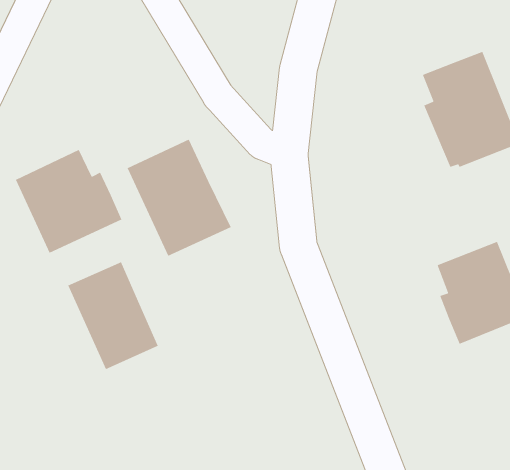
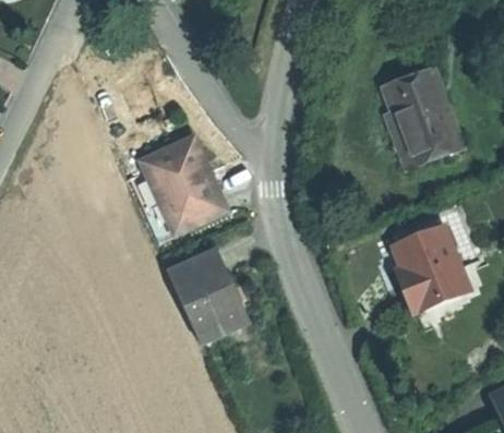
building: [15,149,123,254] -> none
building: [67,261,159,370] -> [168,255,243,345]

